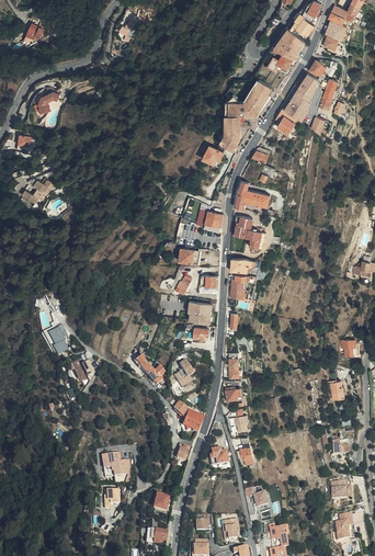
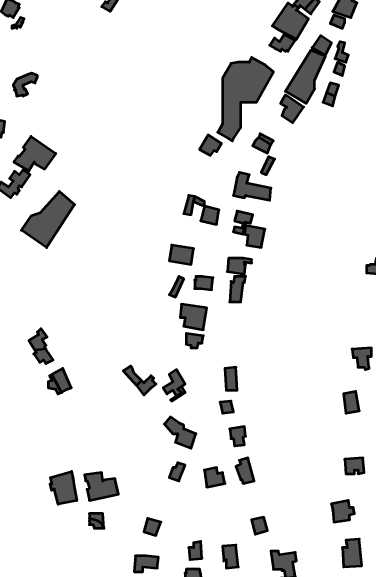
building: none -> [14,136,56,171]
building: none -> [21,191,75,248]
building: none -> [50,471,77,504]

